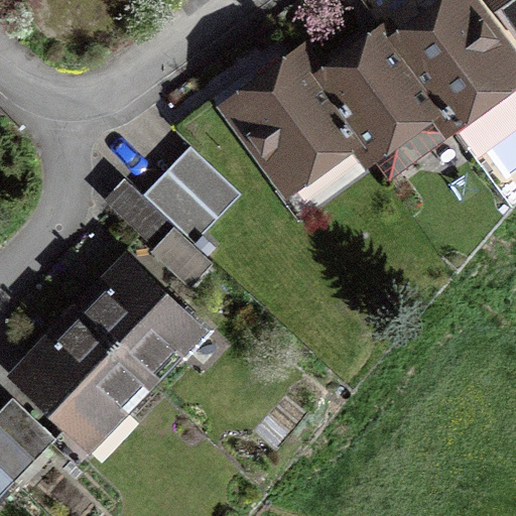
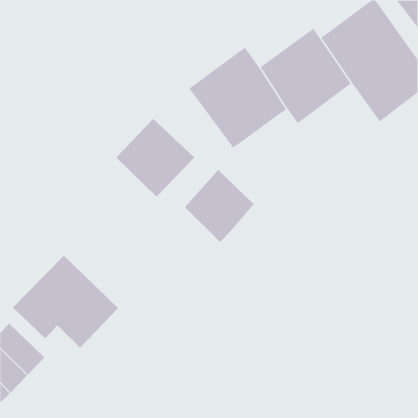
building: none -> [184,169,254,243]
building: [79,264,207,380] -> none

